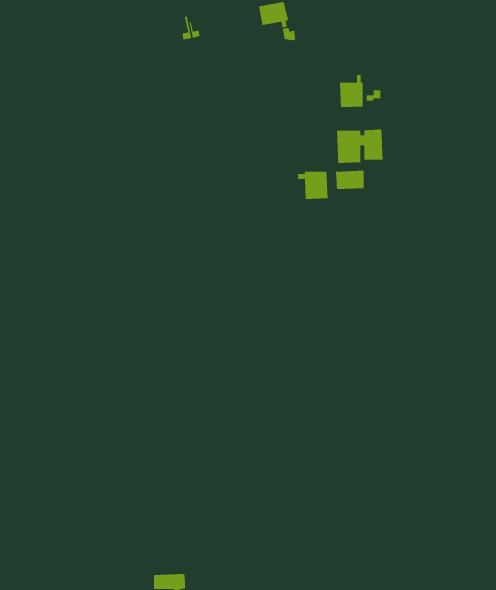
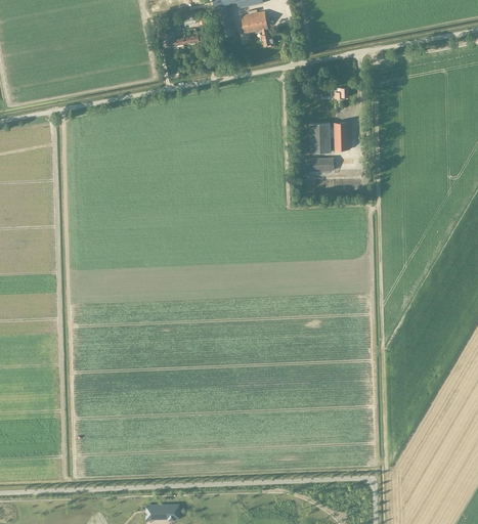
building: [339,74,364,108] -> none
building: [297,171,328,200] -> none

